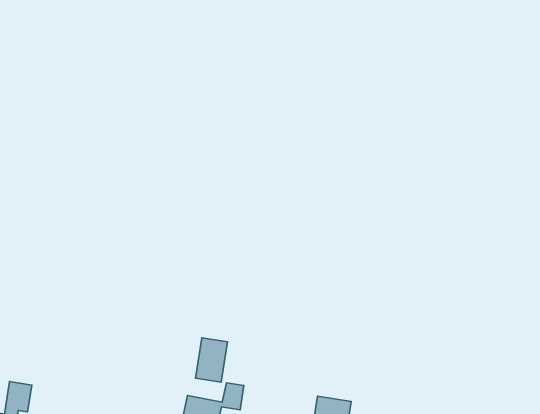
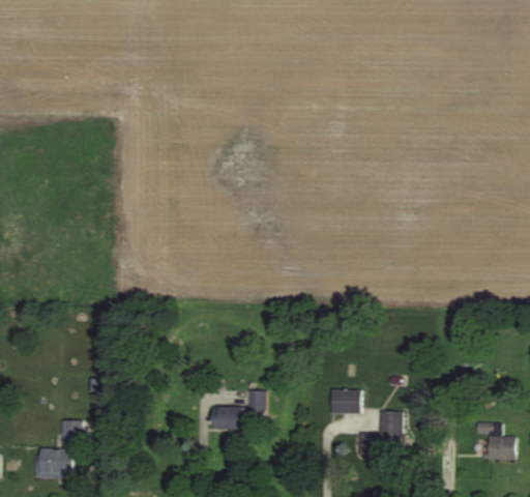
building: [195,338,228,382] -> none

